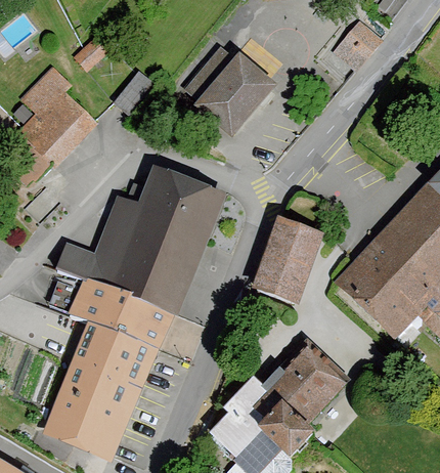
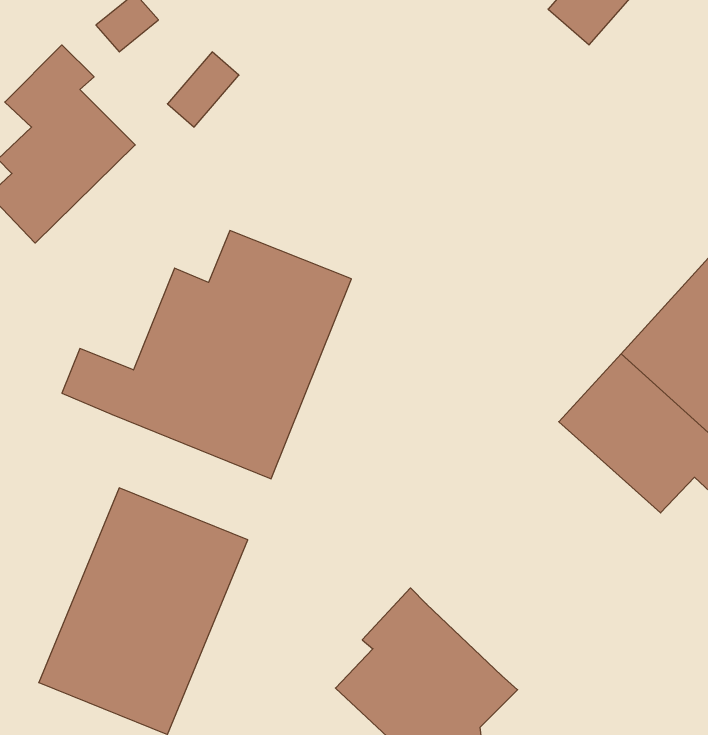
building: [185,45,276,136] -> none
building: [254,219,314,302] -> none
building: [69,277,173,349] -> none
building: [262,342,347,427] -> none

